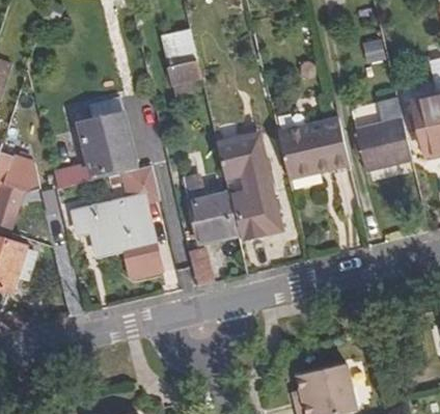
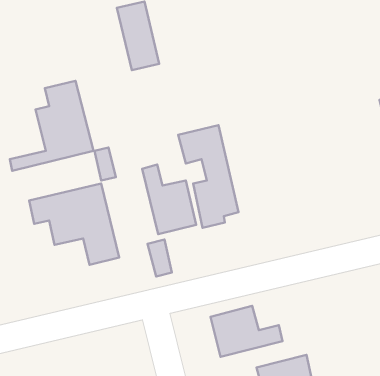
building: [357,99,413,170] -> none
building: [279,117,351,176] -> none
building: none -> [210,306,282,357]

